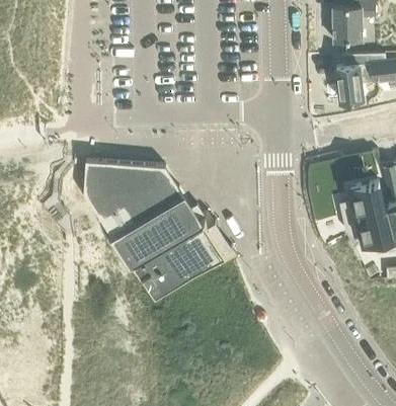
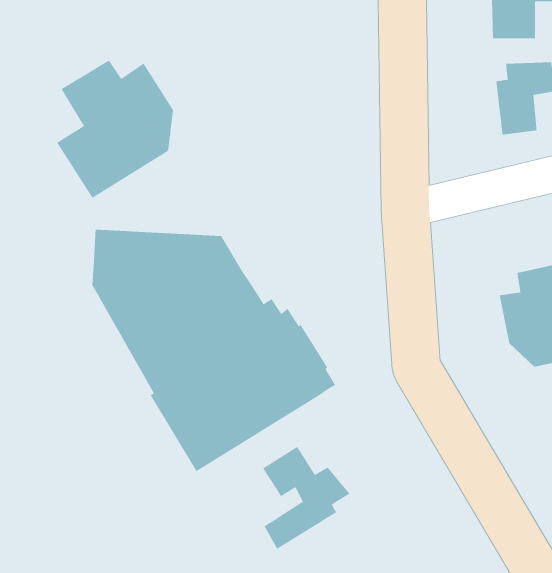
building: none -> [56,60,174,199]
building: none -> [262,446,351,550]

